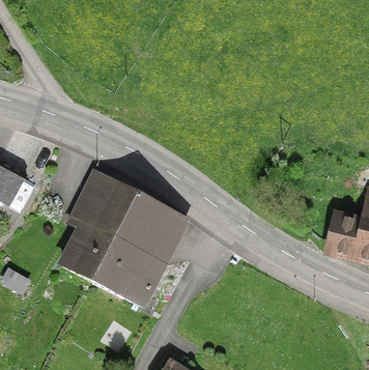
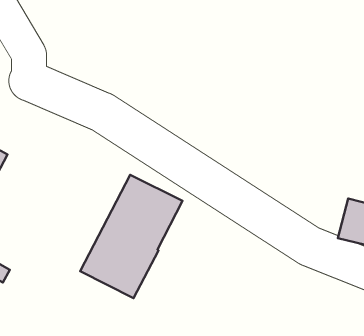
building: [61,170,137,281] -> none

